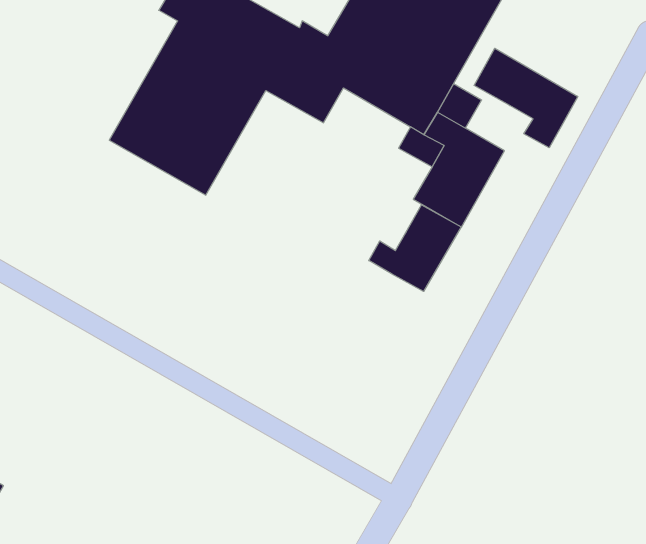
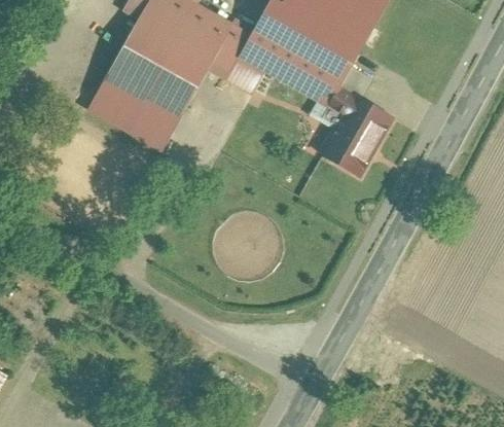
building: [474,48,578,148] -> none
building: [369,205,461,291] -> none

